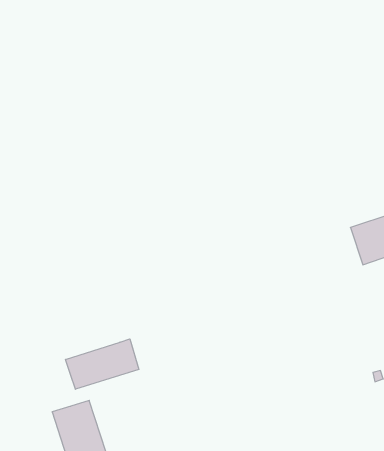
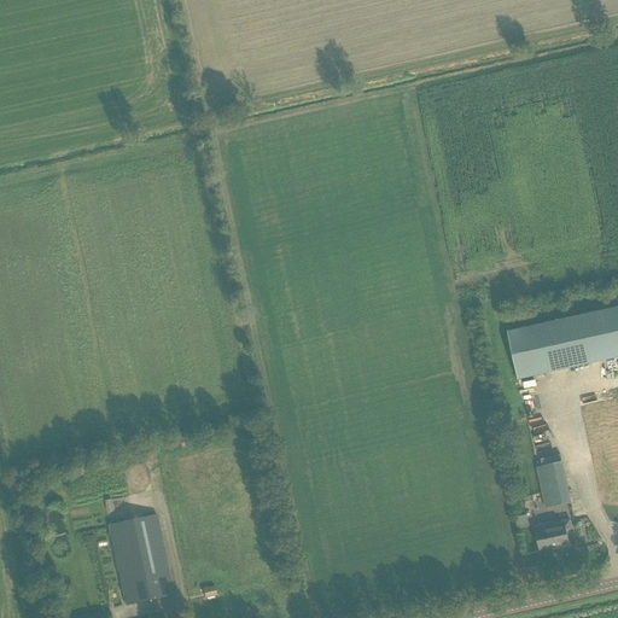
building: [66,339,139,389] -> none

